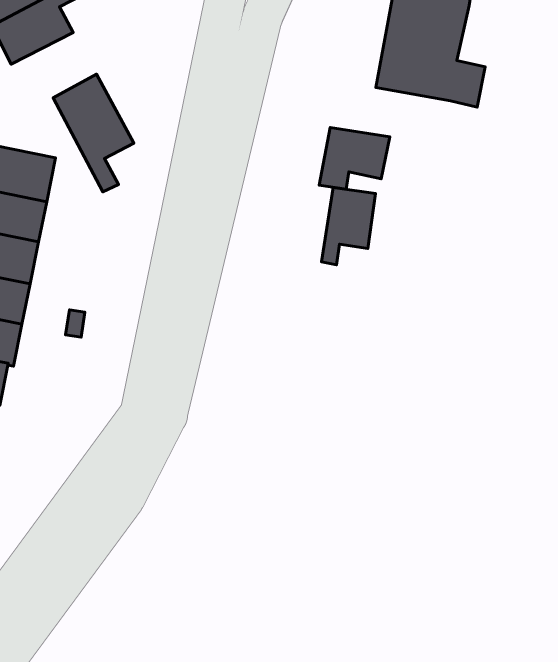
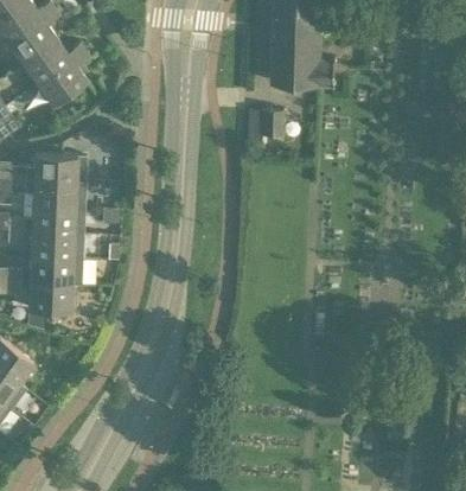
building: [53,74,134,192] -> none
building: [322,187,376,265] -> none

